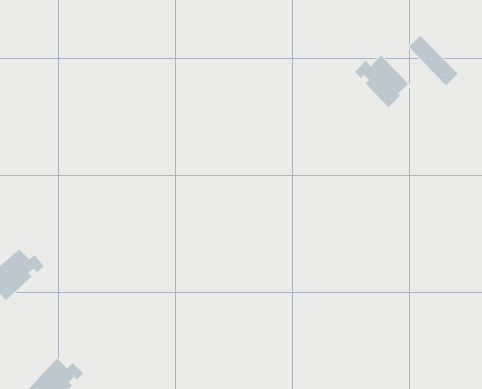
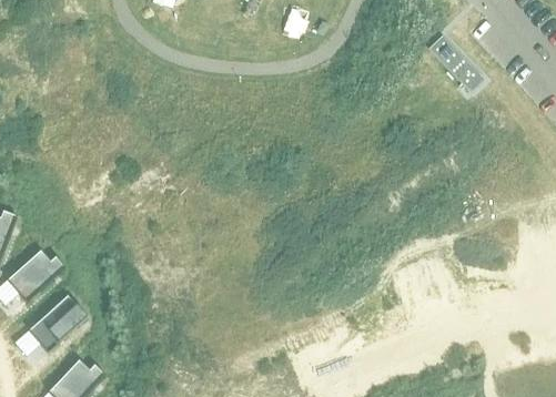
building: [354,55,411,108] -> none
building: none -> [27,294,82,353]

